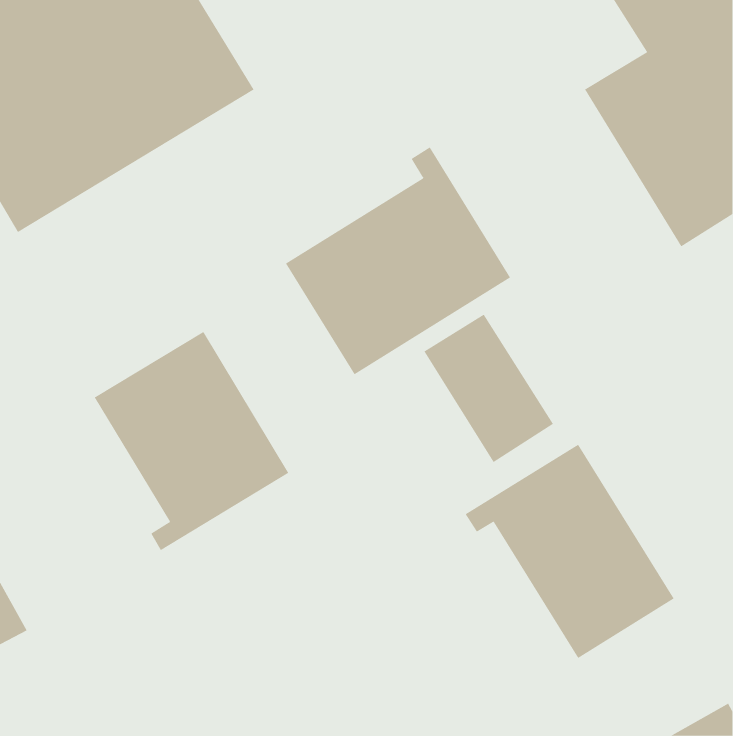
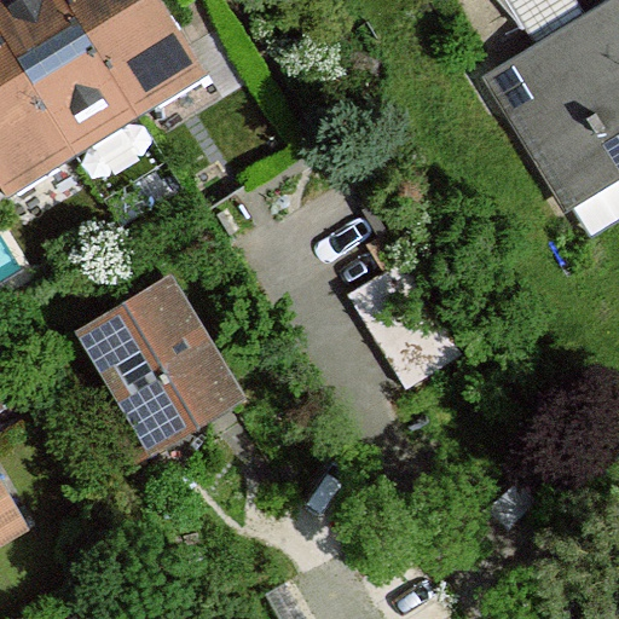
building: [285,146,511,375] -> none
building: [465,444,675,659] -> none

